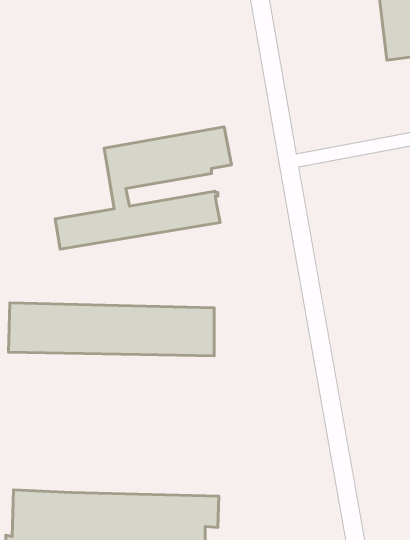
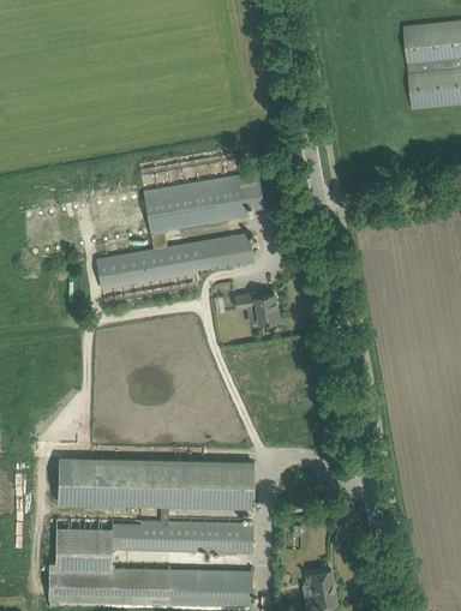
building: none -> [234,293,277,324]
building: [8,303,214,356] -> [58,457,253,508]

